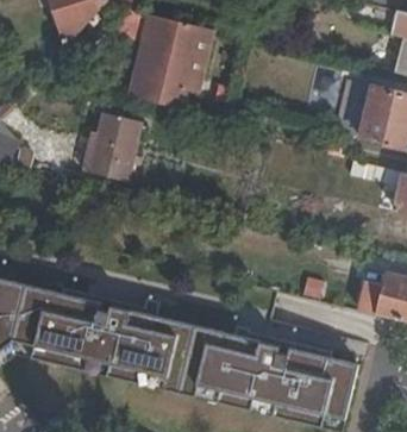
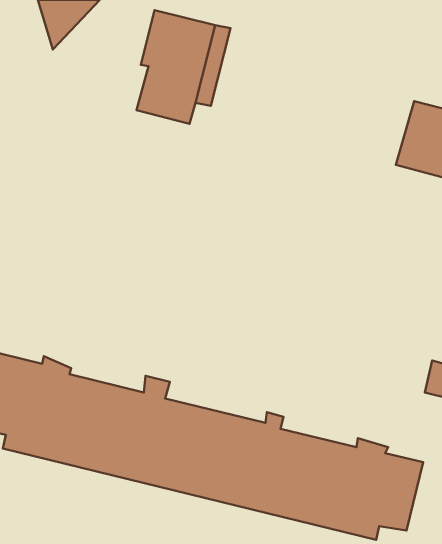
building: [88,111,138,176] -> none

